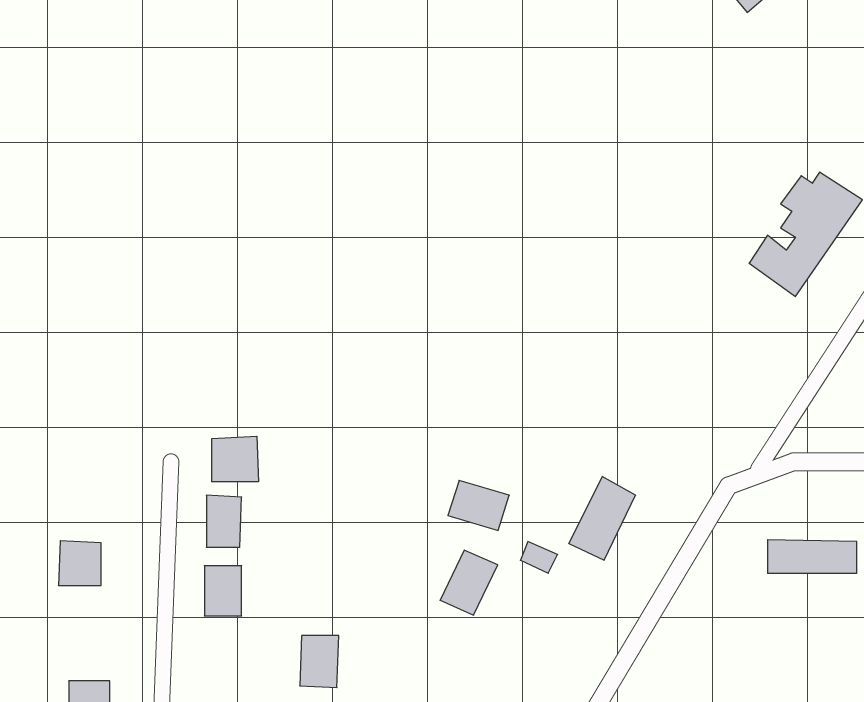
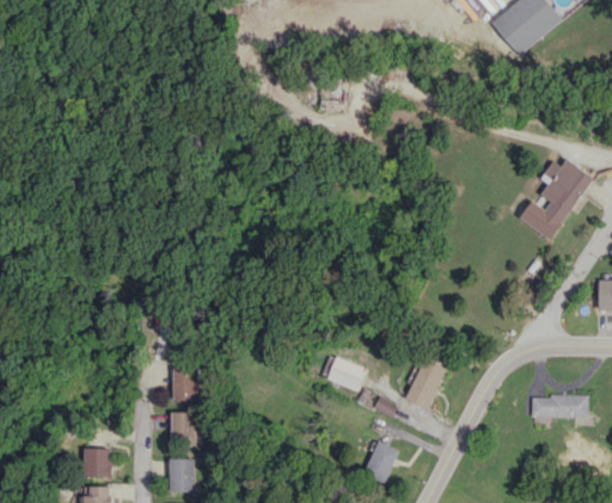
building: [212,436,258,482] -> none
building: [58,541,101,585] -> [82,448,110,477]
building: [440,550,498,615] -> [362,441,399,483]
building: [300,636,339,688] -> [169,459,194,492]

